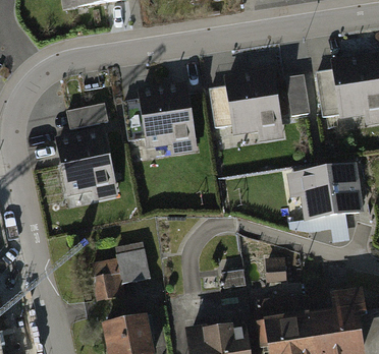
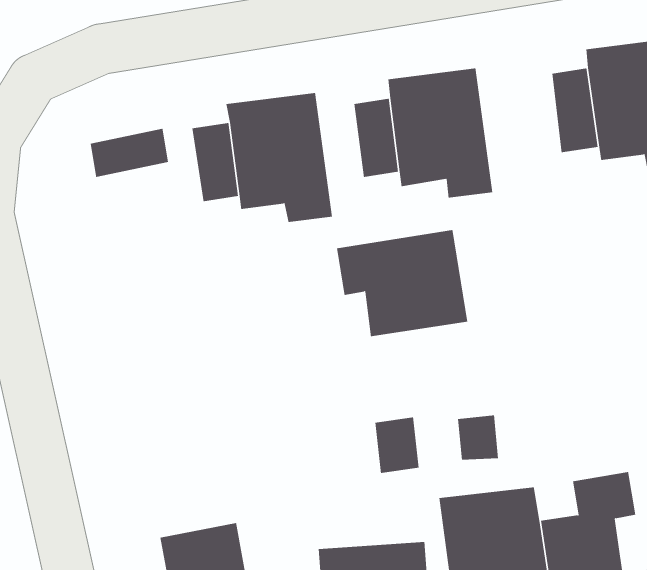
building: [284,73,310,116] -> none
building: [55,126,118,201] -> none
building: [287,161,359,219] -> [336,229,468,337]
building: [87,241,151,302] -> none

